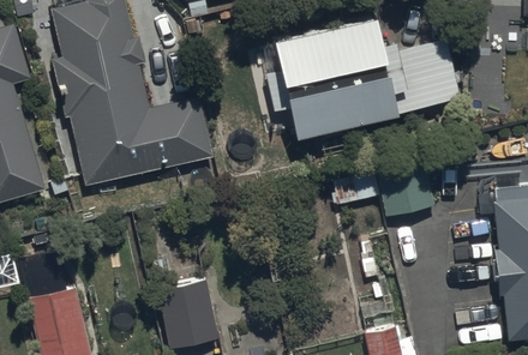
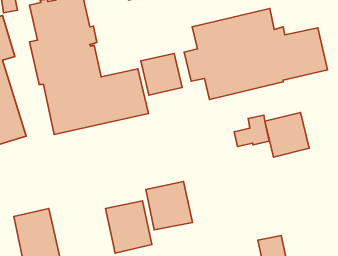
building: none -> [141,53,182,95]
building: none -> [146,181,192,230]

